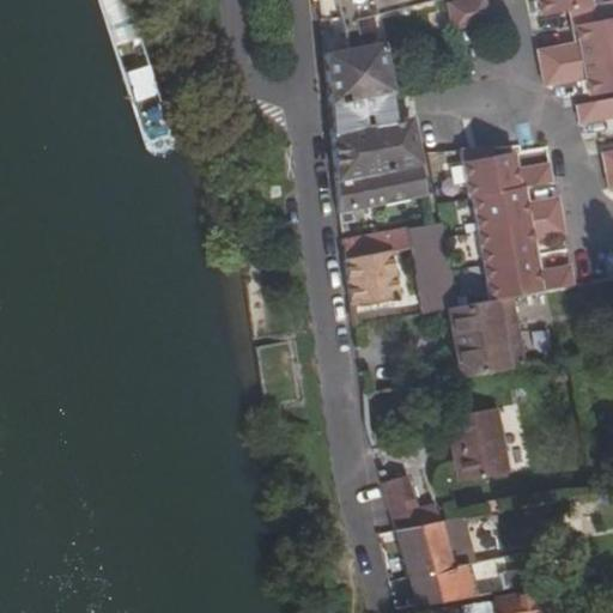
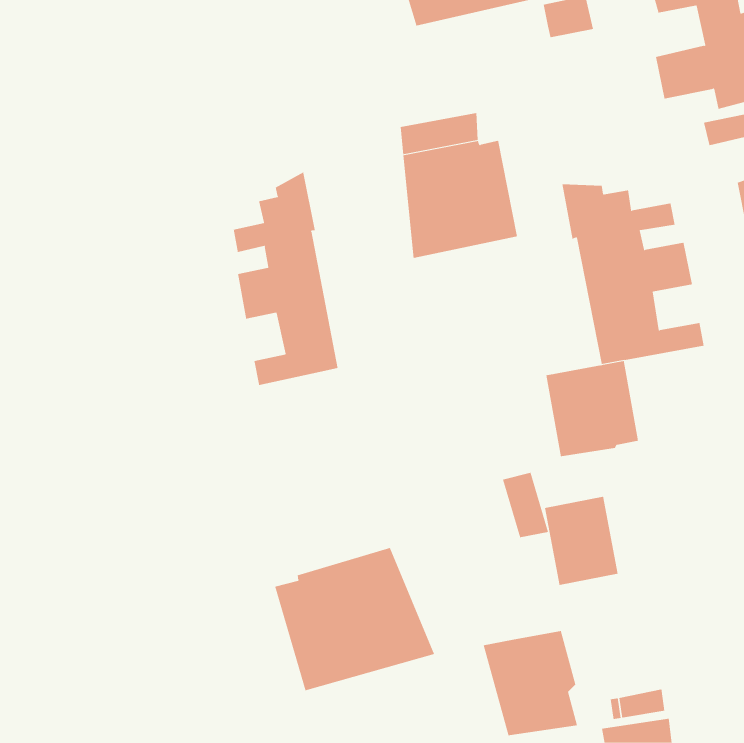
building: [324,42,393,104] -> none
building: none -> [233,171,338,386]
building: [342,221,455,312] -> none
building: none -> [274,547,435,691]
building: [383,475,421,529] -> [502,472,549,538]

